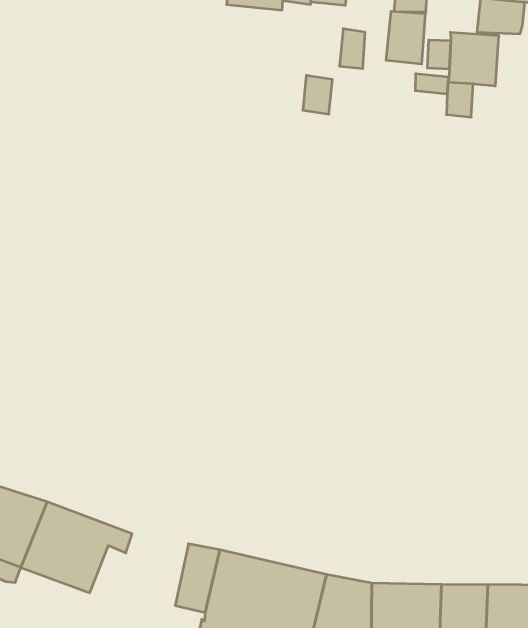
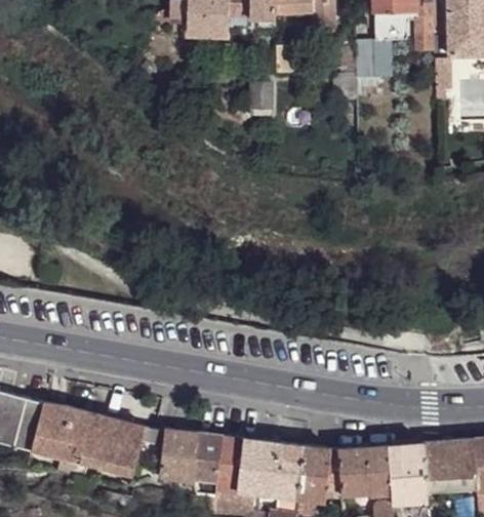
building: [386,11,425,64] -> none
building: none -> [160,430,201,484]

